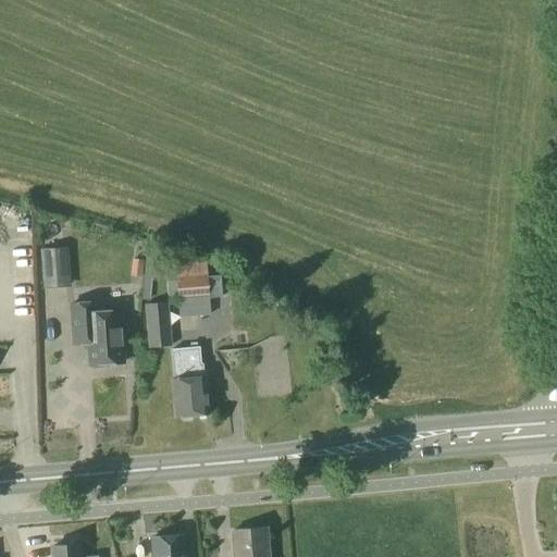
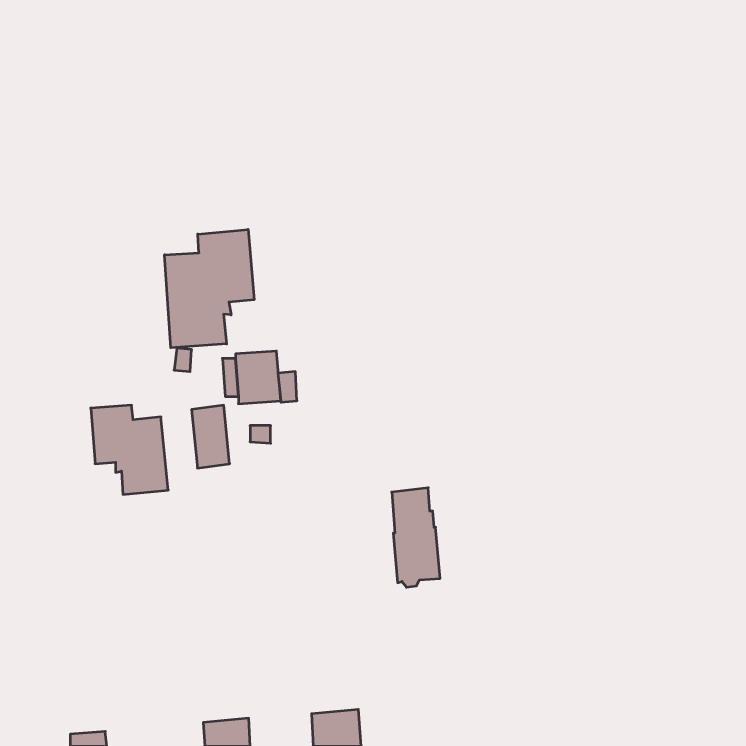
building: none -> [165,229,254,348]
building: [41,246,71,288] -> none
building: [173,347,209,421] -> [392,488,440,587]

